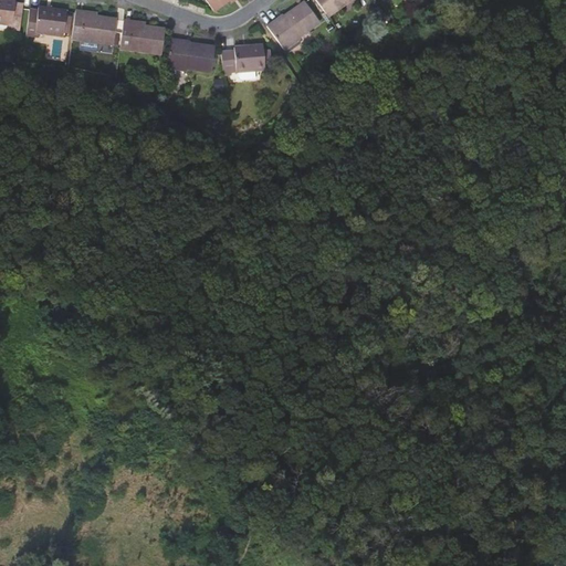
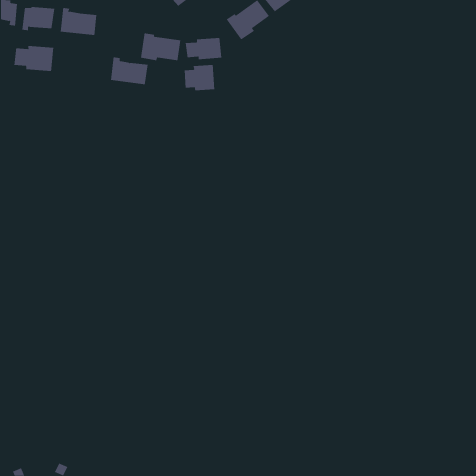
building: [119,19,165,52] -> [110,57,148,85]
building: none -> [14,45,54,72]
building: none -> [184,64,215,91]

